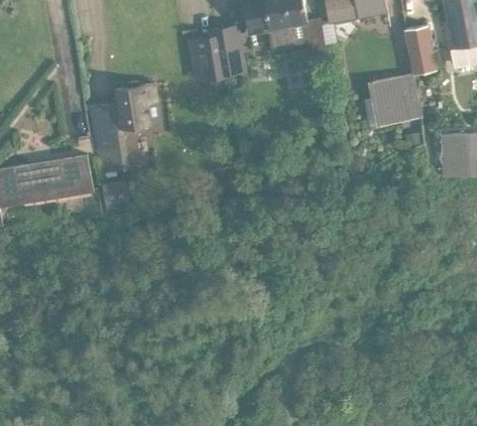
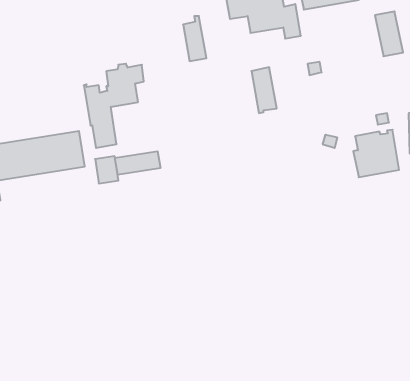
building: [215,26,242,76] -> [251,67,277,113]
building: [370,75,420,126] -> [353,130,399,177]
building: none -> [115,151,160,175]

